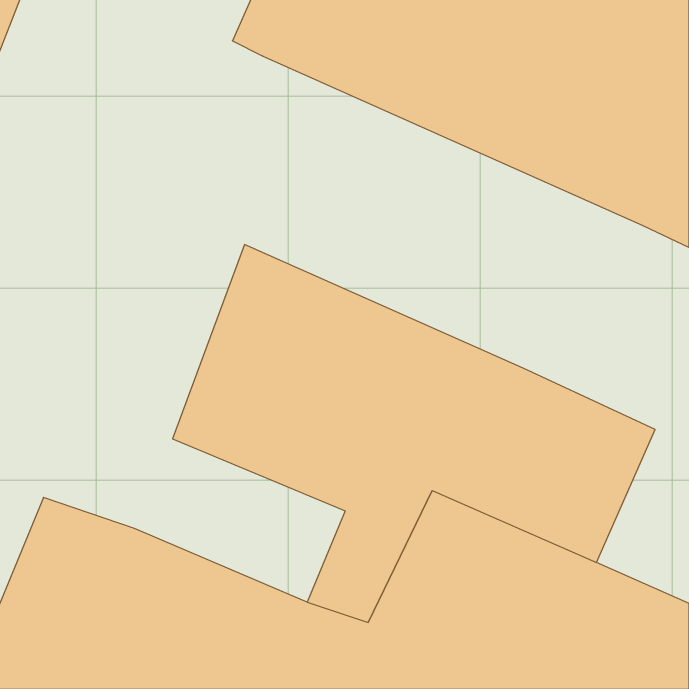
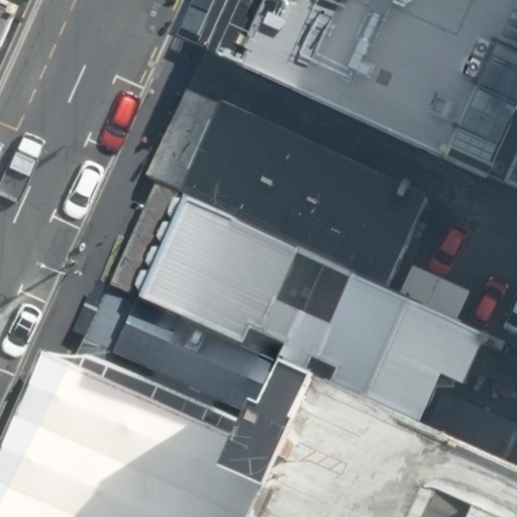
building: none -> [182,99,428,274]
building: none -> [100,326,256,447]

